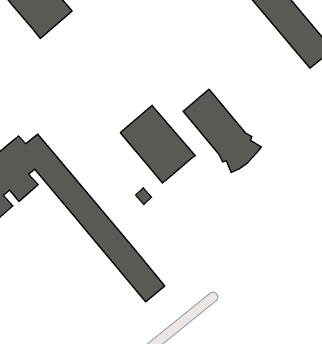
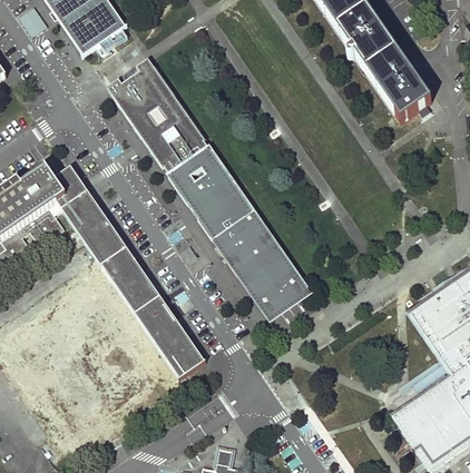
building: none -> [107,58,209,175]
building: [183,89,261,172] -> [217,213,306,314]

